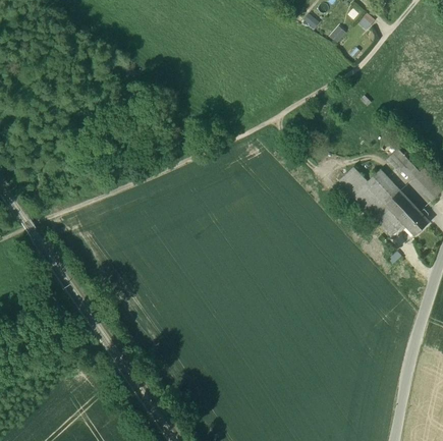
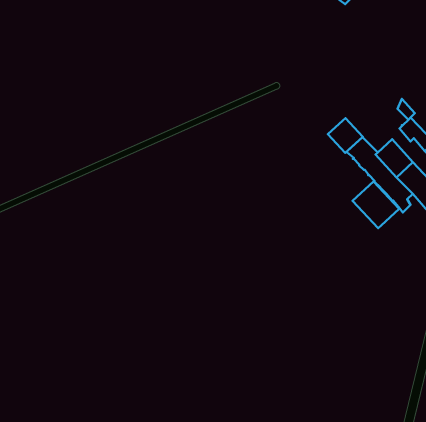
building: none -> [328,118,363,153]
building: none -> [352,182,399,228]

